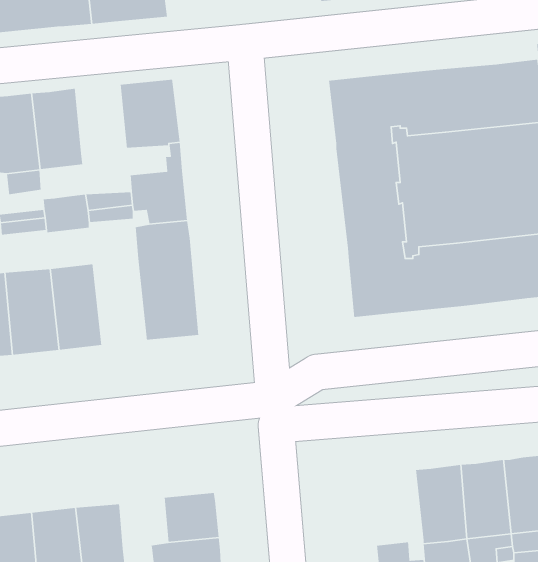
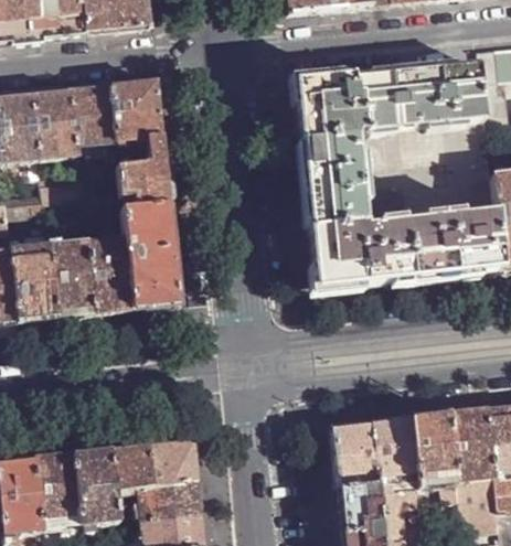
building: none -> [73,84,117,144]
building: none -> [88,236,135,312]
building: none -> [330,420,376,486]
building: none -> [111,445,153,490]

